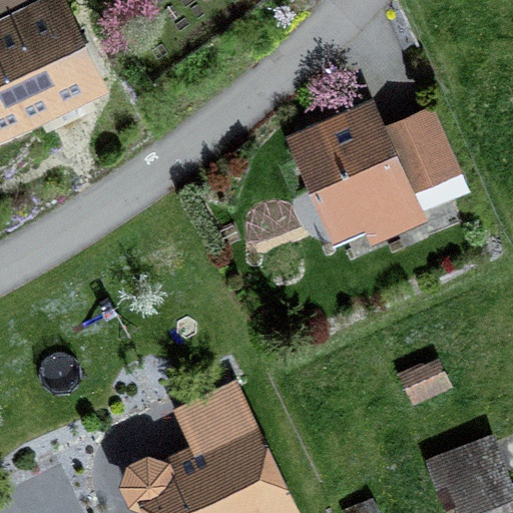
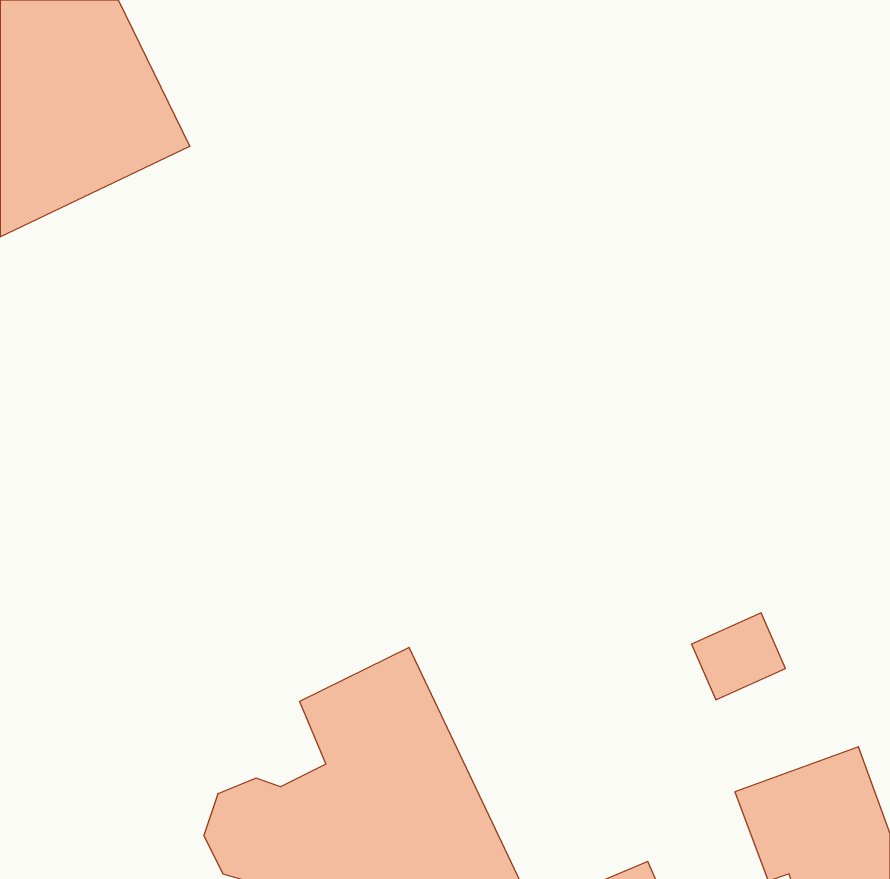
building: [285,99,469,262] -> none

